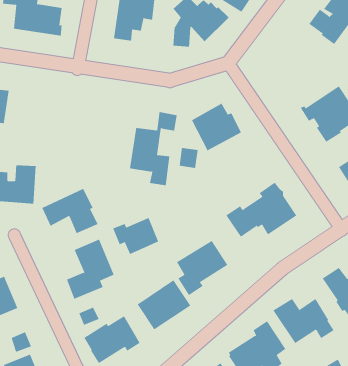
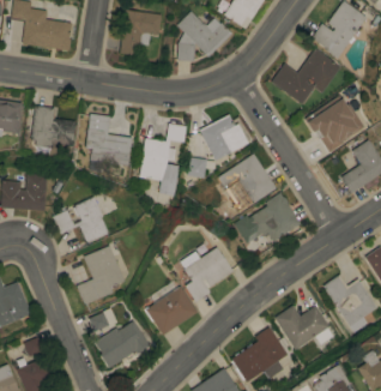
building: none -> [270,49,339,104]
building: none -> [28,107,73,151]
building: none -> [83,114,129,167]
building: none -> [216,155,273,213]
building: [112,217,159,255] -> none

